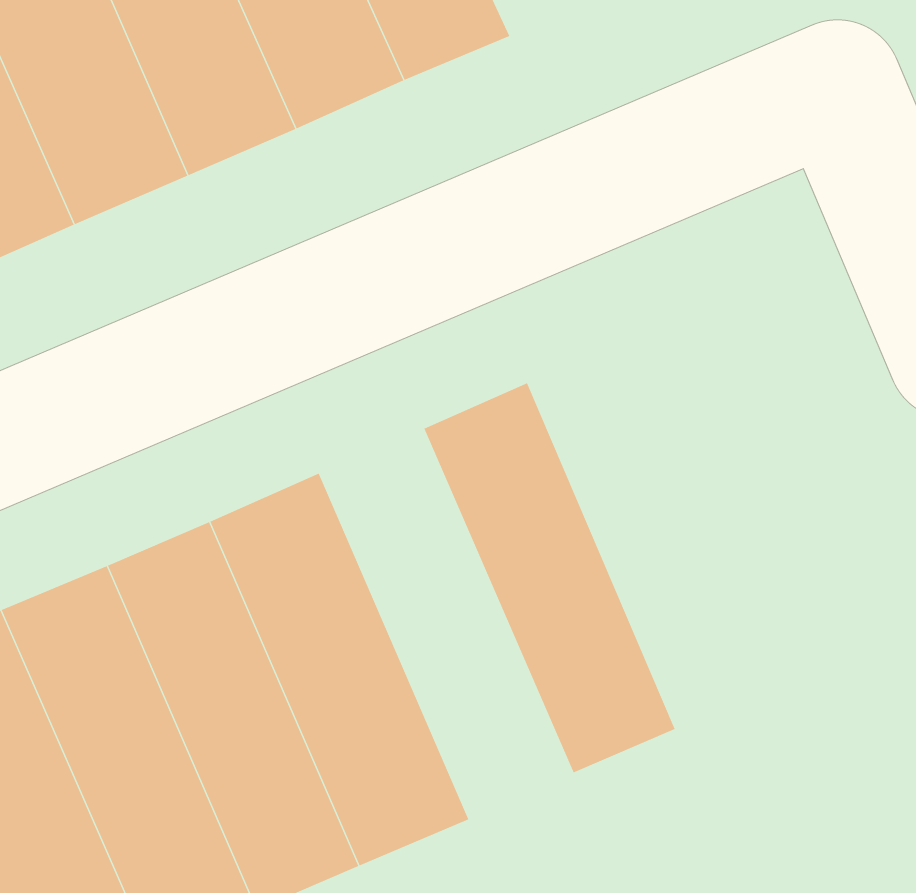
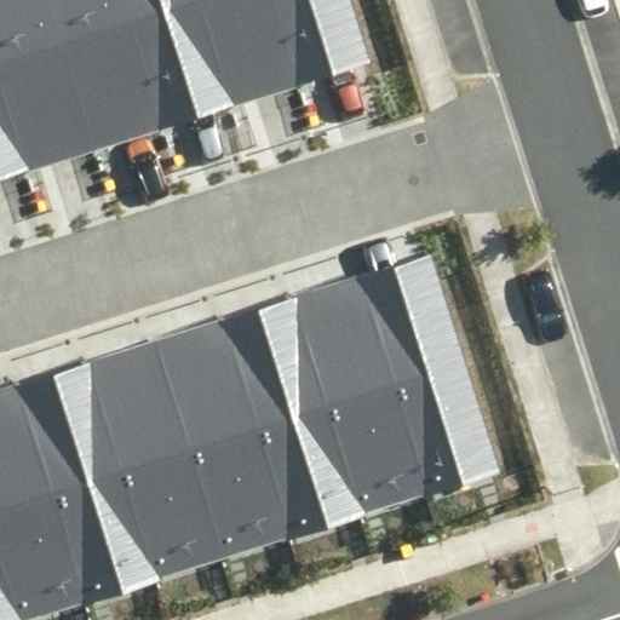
building: none -> [355,252,498,496]
building: none -> [222,297,358,539]

